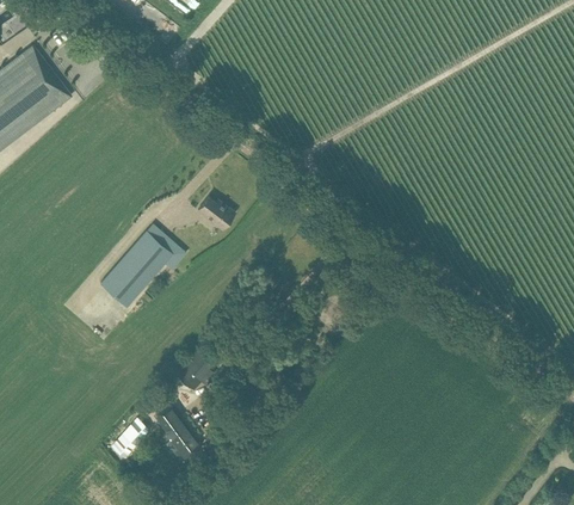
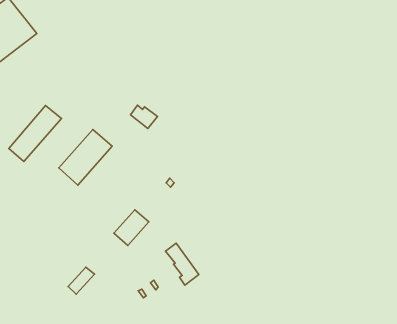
building: none -> [9,106,61,162]
building: [155,404,200,461] -> [166,243,199,285]

